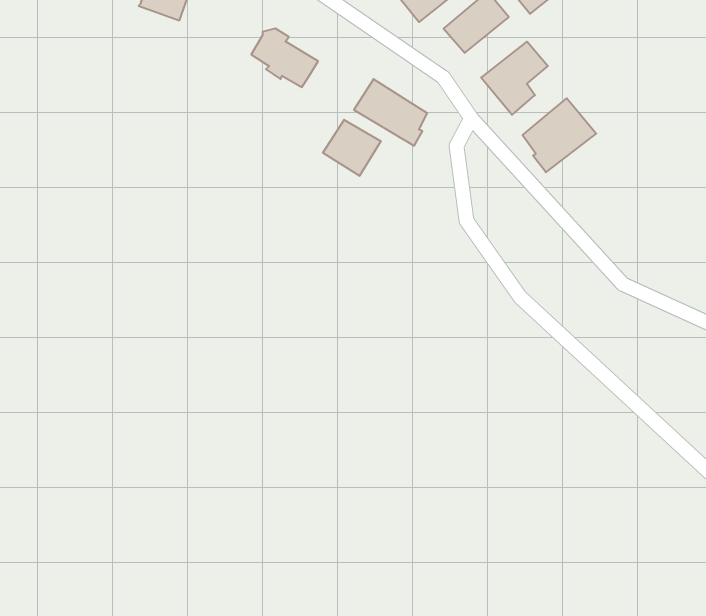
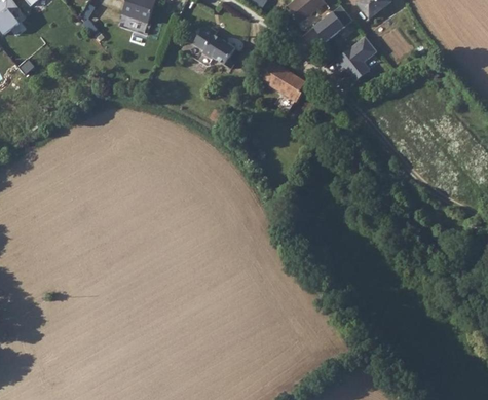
building: [523,98,596,172] -> none
building: [323,120,381,176] -> none

